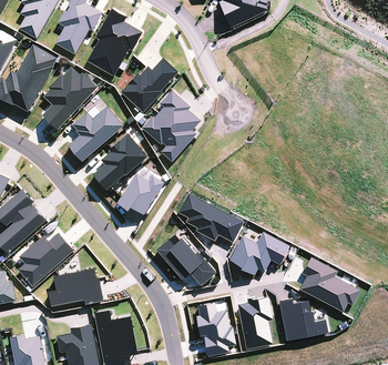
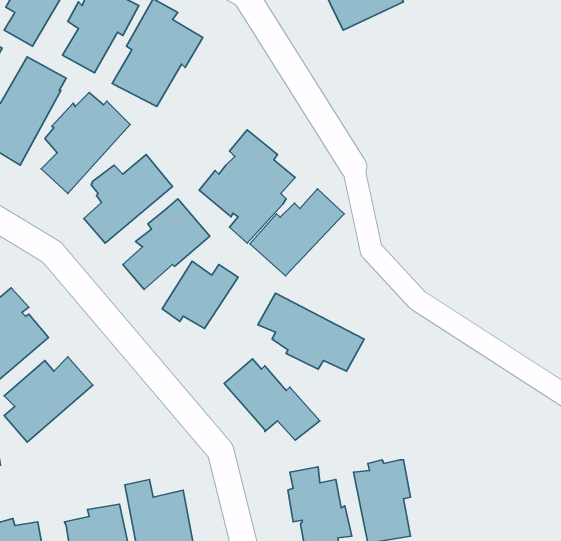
building: [120,58,178,112] -> [250,189,344,276]
building: [228,231,288,274] -> none
building: [298,256,359,312] -> none
building: [48,267,102,305] -> none
building: [277,297,327,339] -> none

